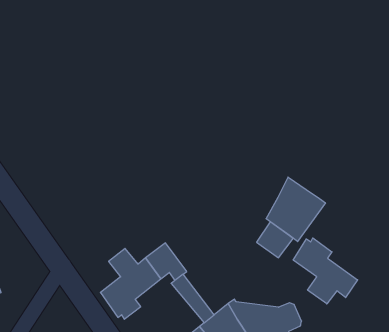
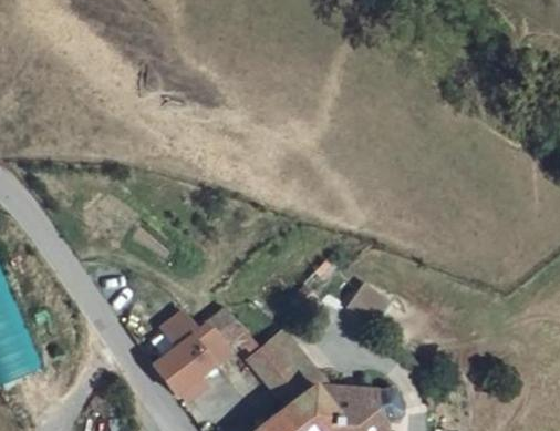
building: [266,177,325,242] -> none
building: [293,238,358,304] -> none
building: none -> [258,330,320,397]

